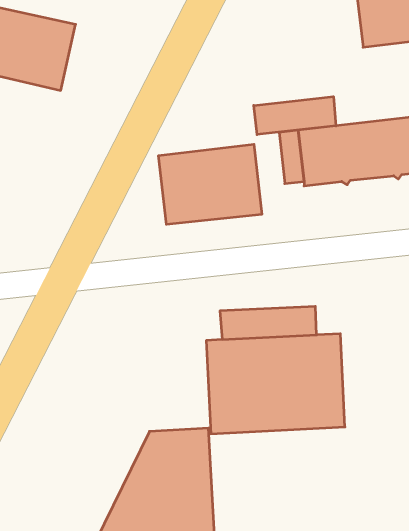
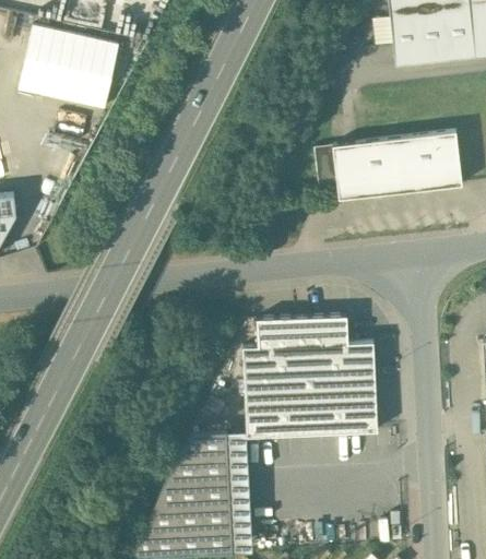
building: [254,97,336,135] -> none
building: [159,144,262,224] -> none

